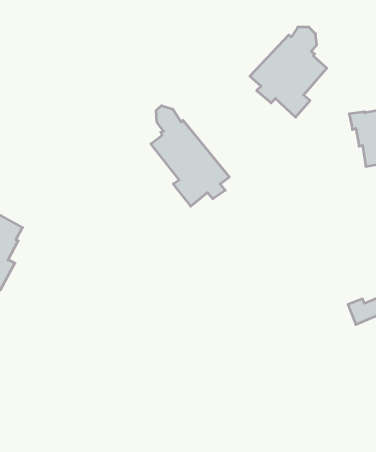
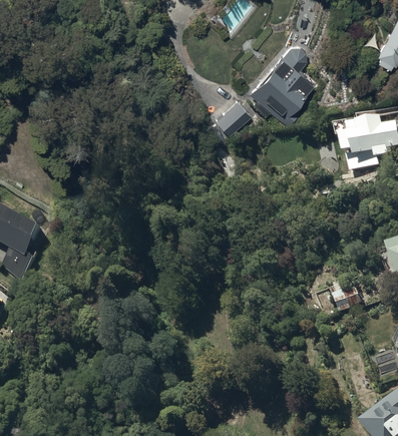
building: none -> [215,99,250,133]
building: [151,106,229,206] -> none

